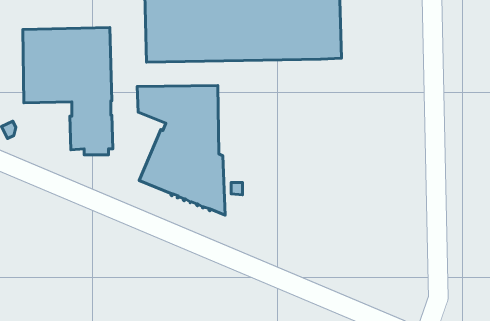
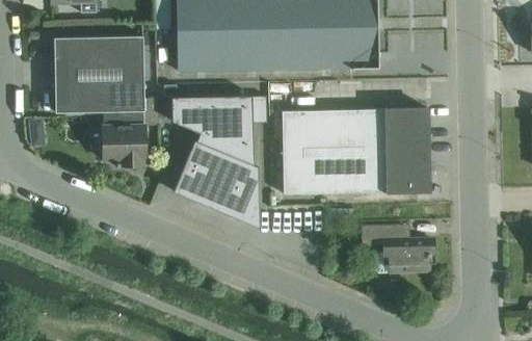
building: none -> [282,109,428,194]
building: none -> [361,226,430,273]

